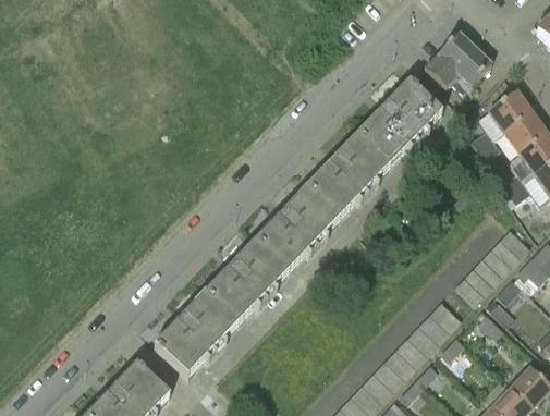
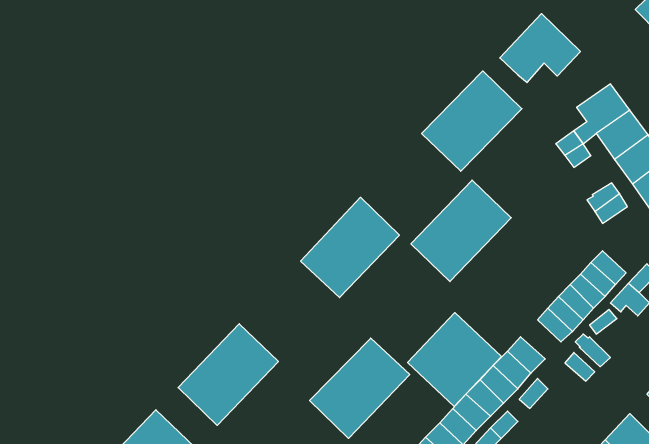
building: [306,131,390,216] -> [411,180,511,282]
building: [205,237,289,321] -> [310,338,410,438]
building: none -> [408,313,501,406]

